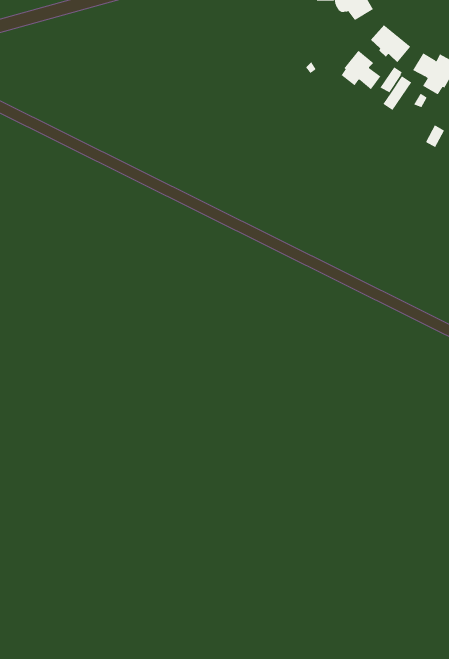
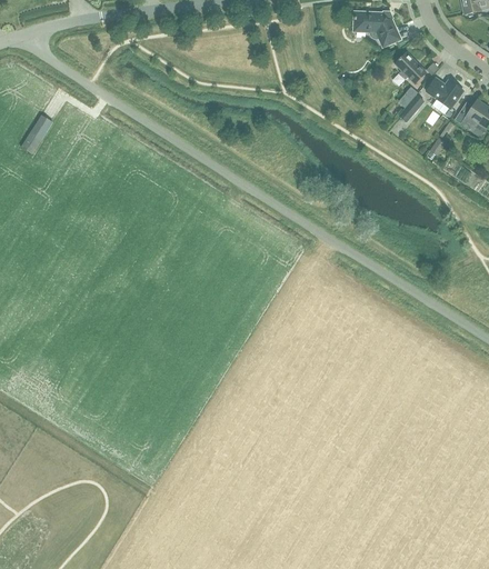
building: [341,50,381,90] -> none

